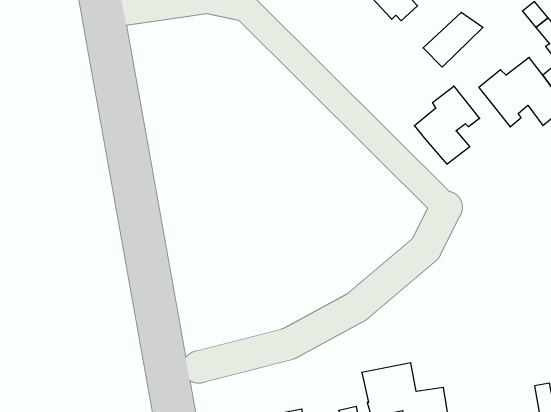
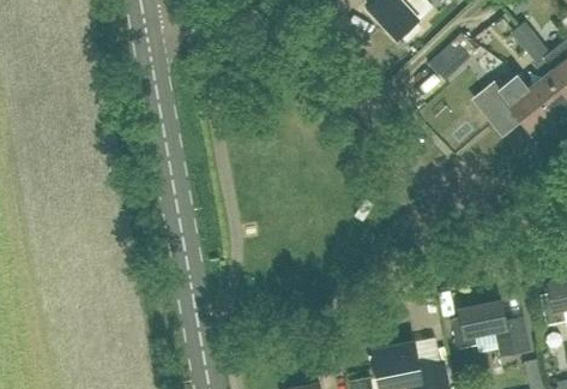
building: [414,86,480,164] -> none
building: none -> [451,301,530,354]

